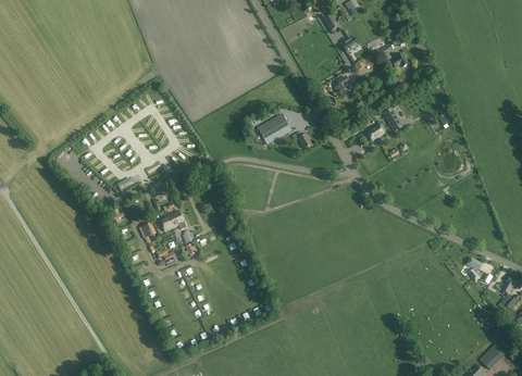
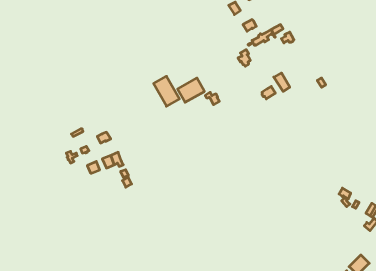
building: none -> [154,76,179,106]

